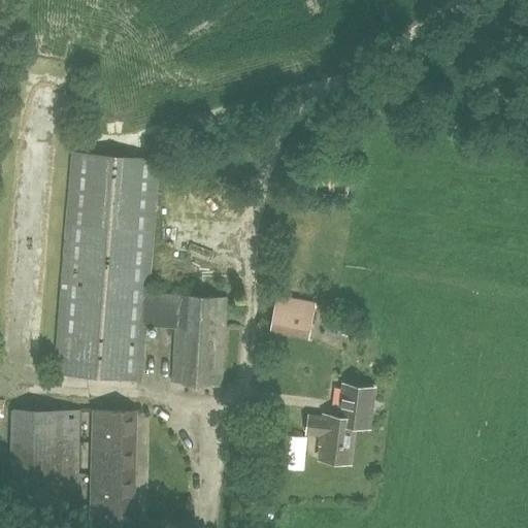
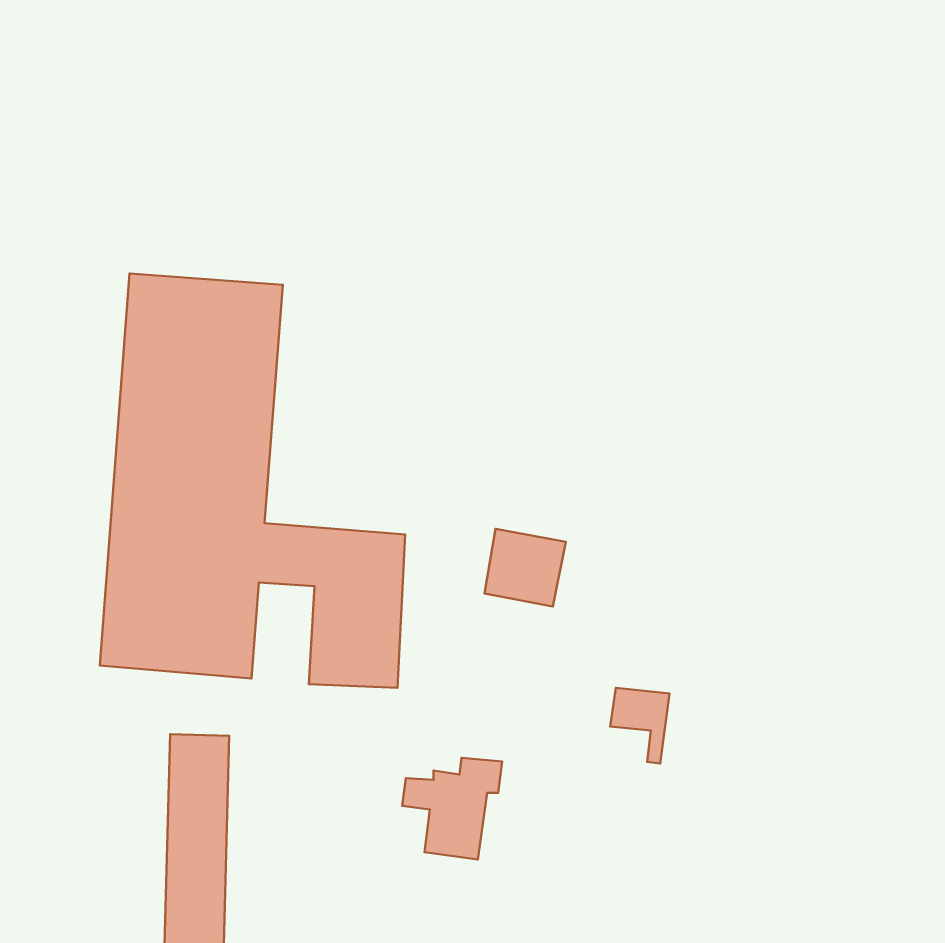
building: [307,406,363,463] -> [402,758,502,859]
building: [9,408,78,497] -> none

